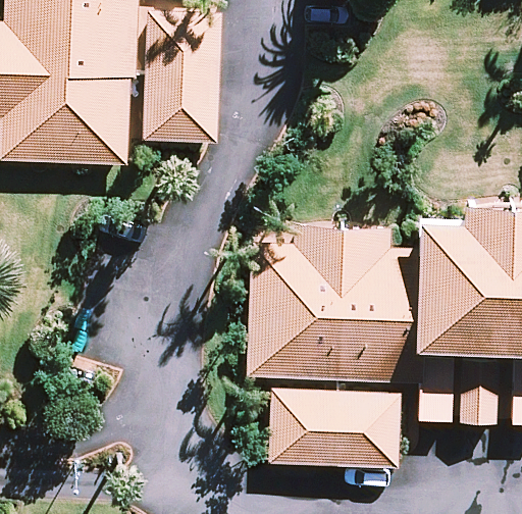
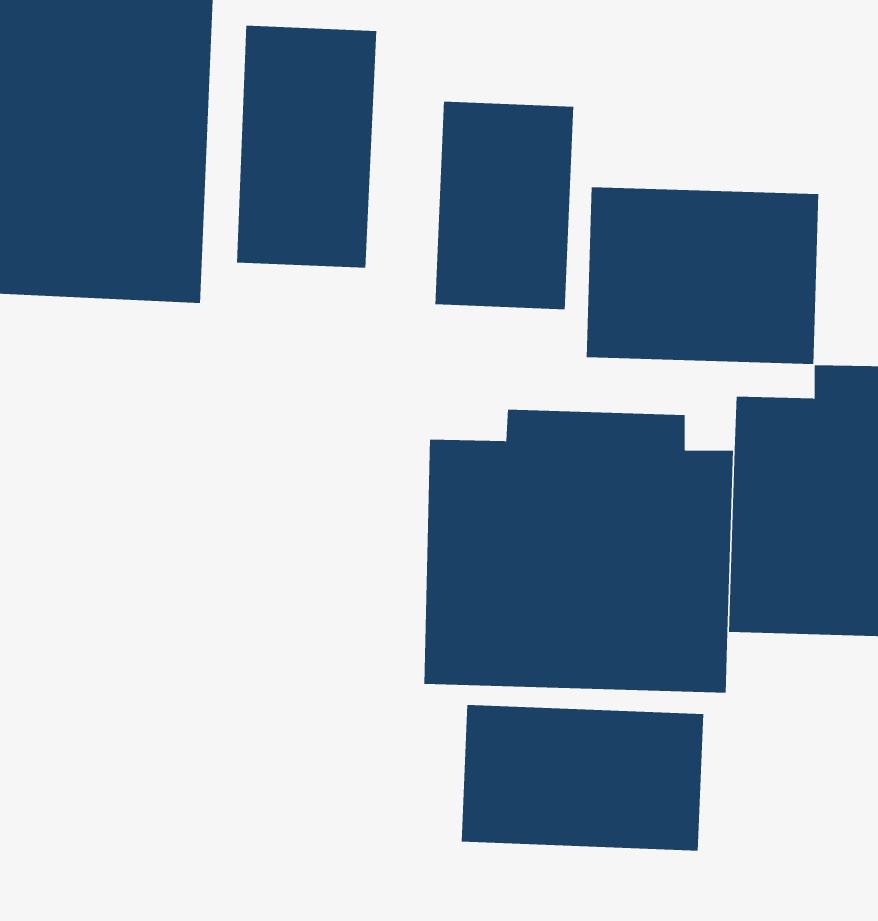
building: none -> [435,101,574,310]
building: none -> [586,187,819,365]

